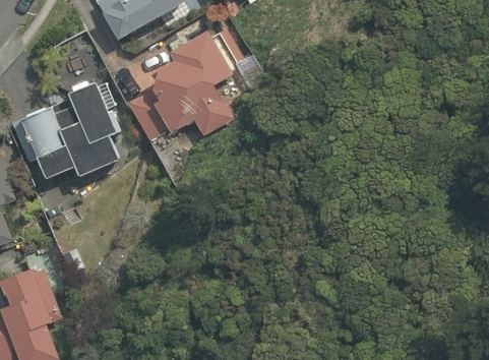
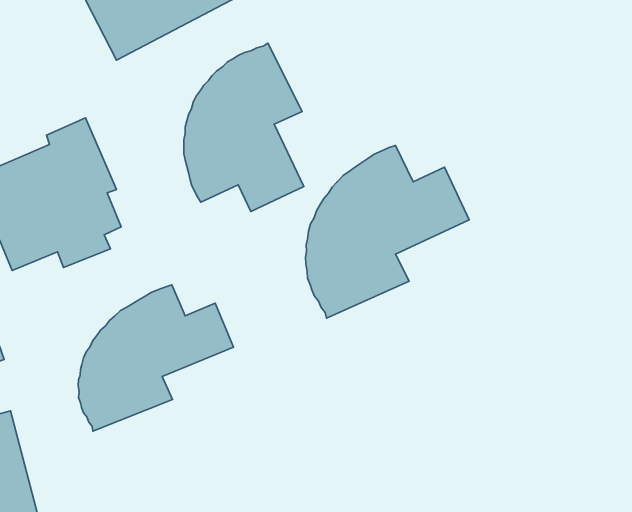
building: none -> [305,145,469,318]
building: none -> [78,285,234,431]

